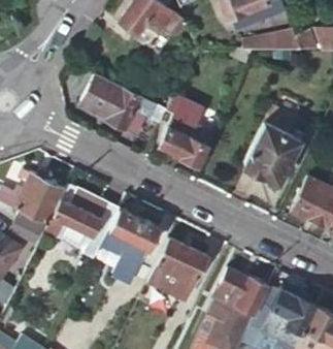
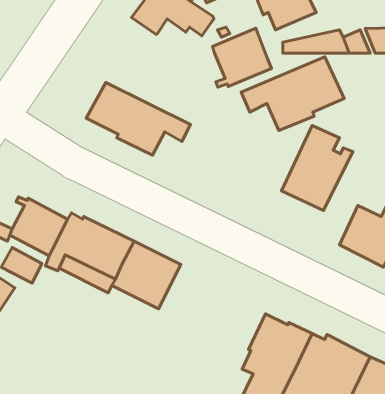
building: none -> [213,28,272,87]
building: none -> [241,57,344,131]
building: [158,114,212,166] -> none
building: [146,236,205,298] -> none

